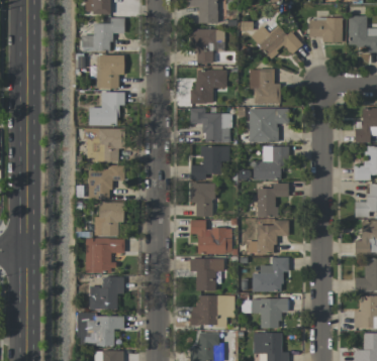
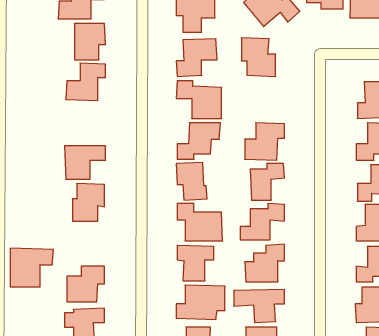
building: [249,108,288,143] -> none
building: [85,128,124,161] -> none
building: [85,238,124,273] -> [10,248,53,287]

